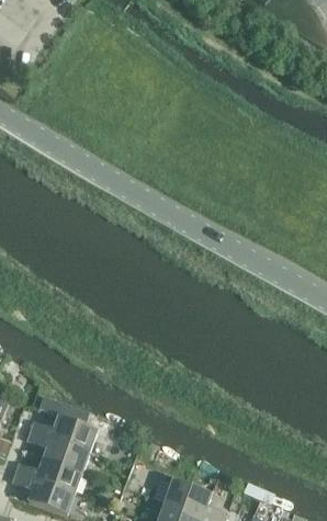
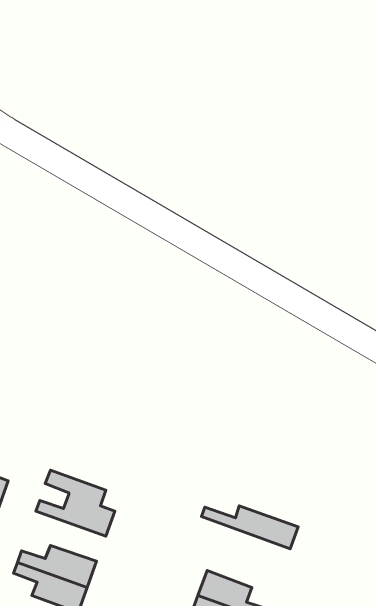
building: none -> [202,506,298,549]
building: [27,430,89,472] -> none

